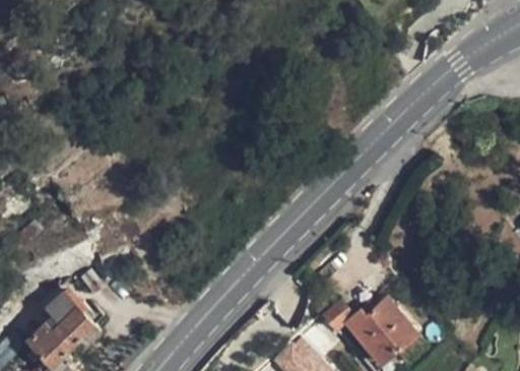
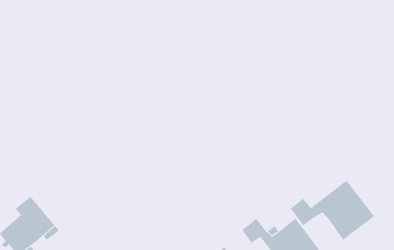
building: none -> [290,180,375,240]

